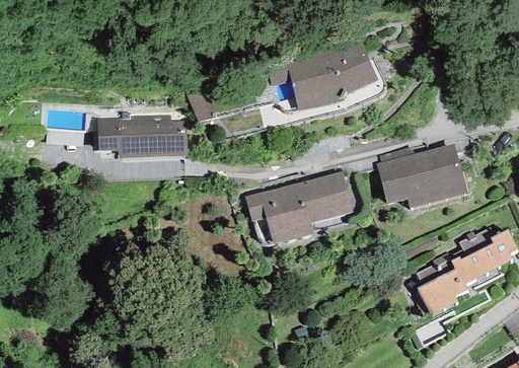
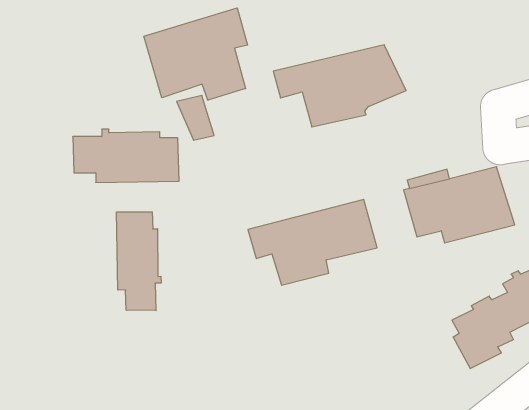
building: none -> [144,8,248,100]
building: none -> [117,212,161,311]

